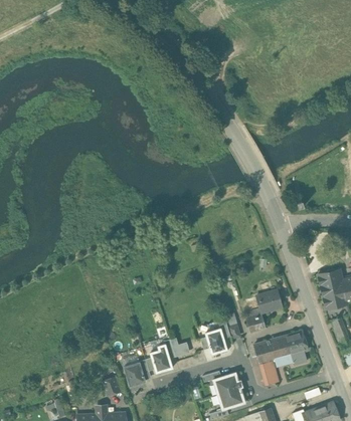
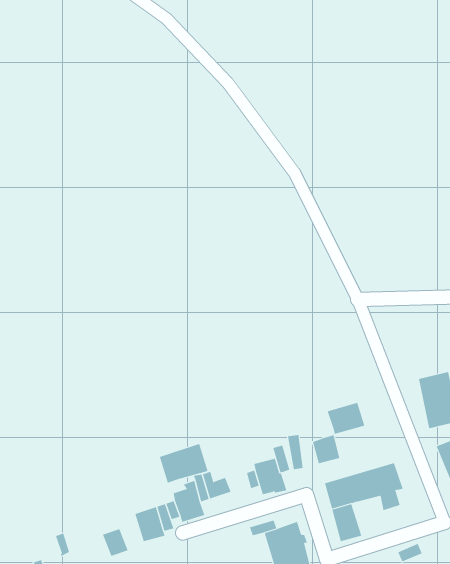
building: none -> [159,443,208,484]

